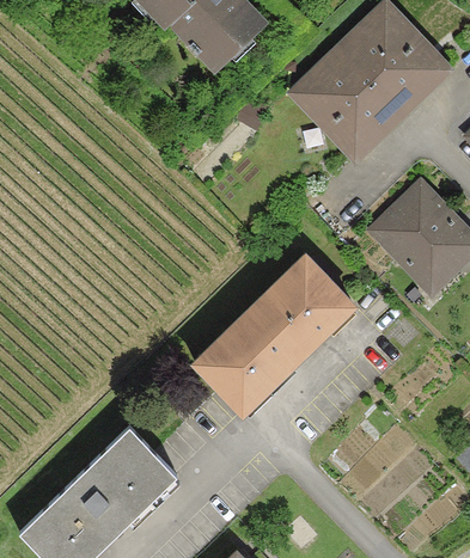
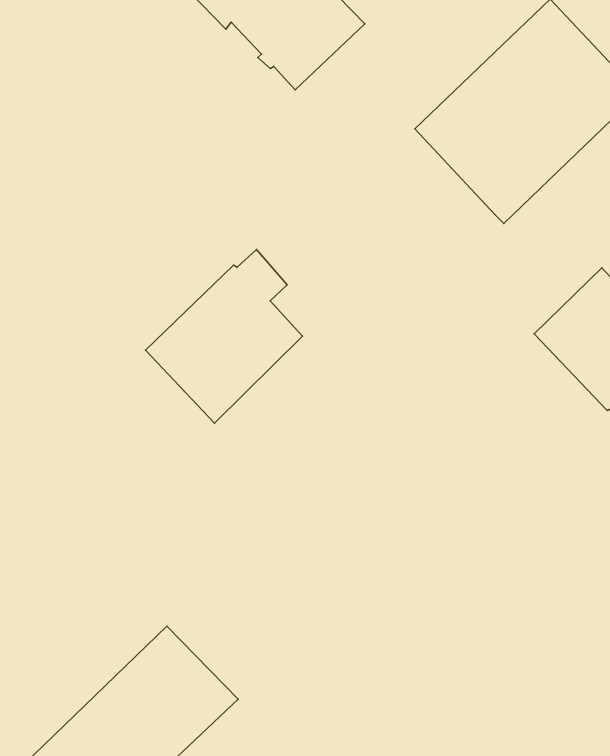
building: none -> [146,249,303,423]
building: [195,256,354,411] -> none

